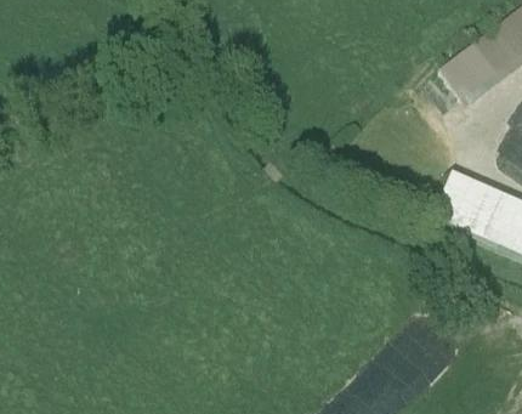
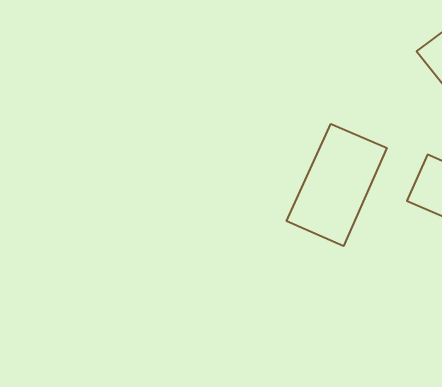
building: none -> [287,124,387,246]

